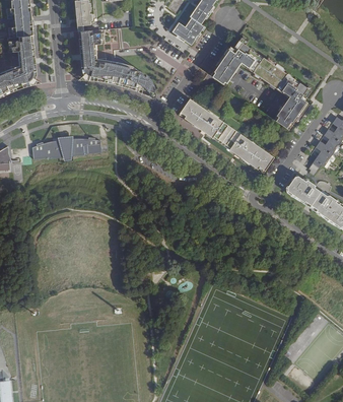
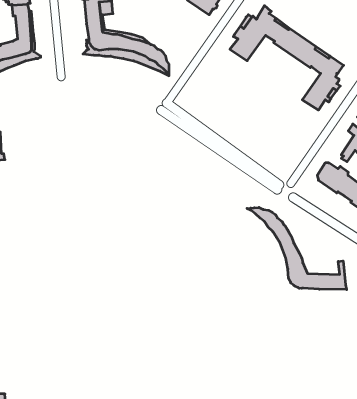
building: [181,98,272,169] -> none
building: [30,139,98,160] -> none
building: none -> [247,207,347,290]

